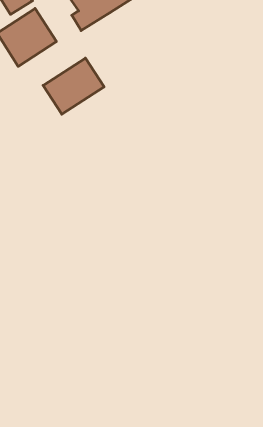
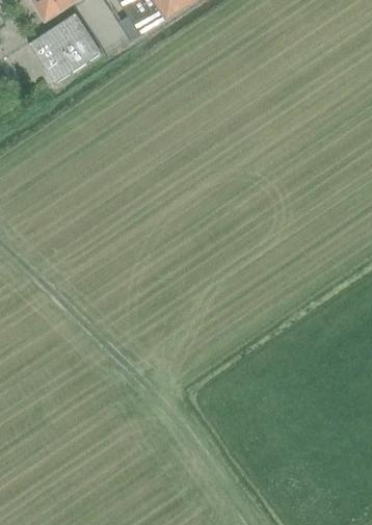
building: [43,58,104,114] -> none

